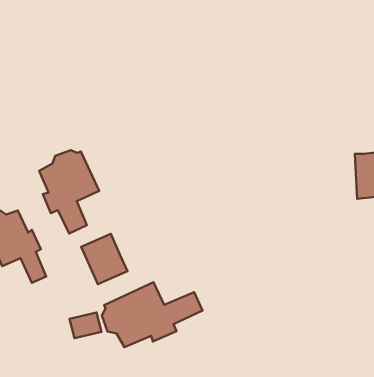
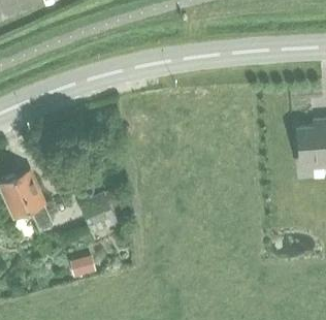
building: [39,150,99,233] -> none
building: [102,282,202,347] -> none

